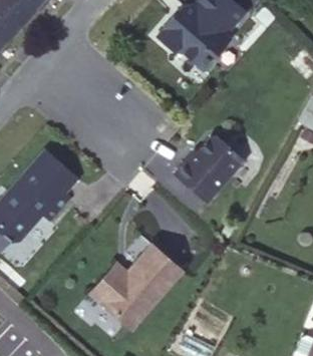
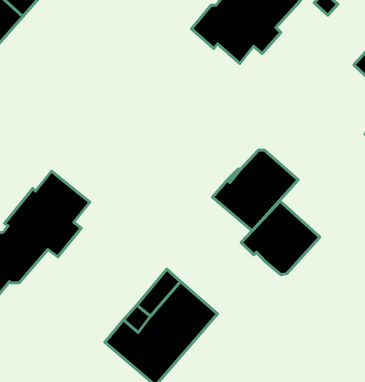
building: none -> [241,201,320,275]

